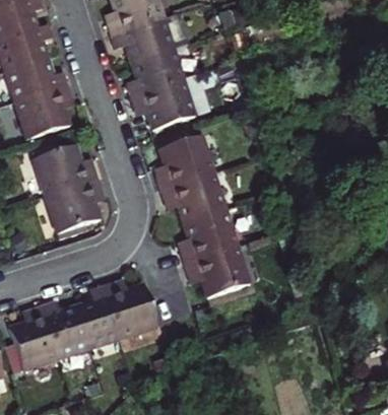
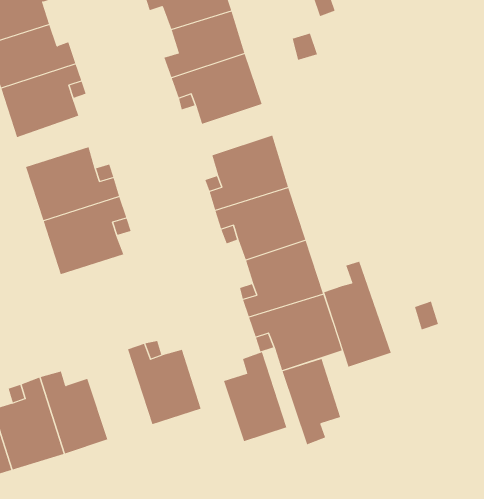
building: none -> [324,261,391,368]
building: [74,284,119,347] -> [223,352,287,442]
building: none -> [282,358,341,445]

